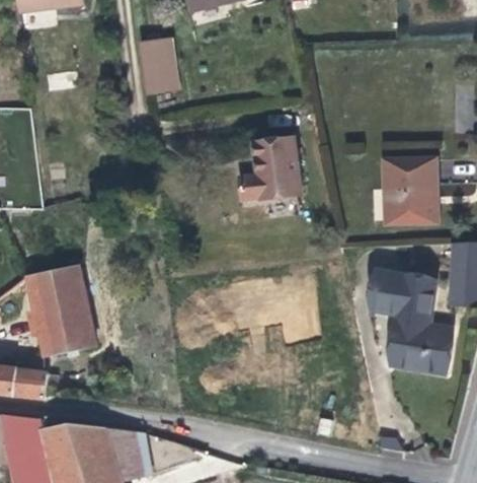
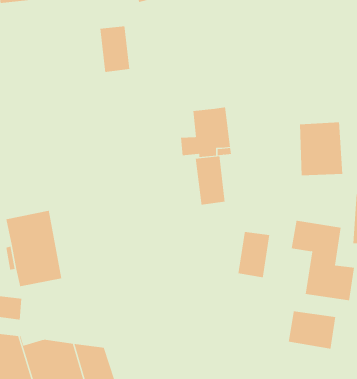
building: none -> [195,156,225,206]
building: none -> [238,231,270,278]
building: none -> [288,310,336,350]

